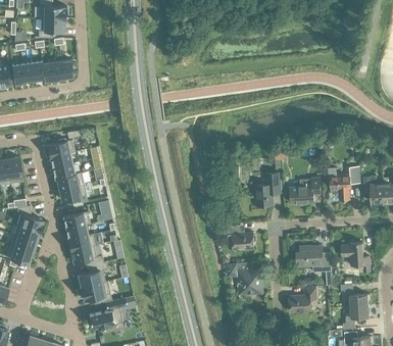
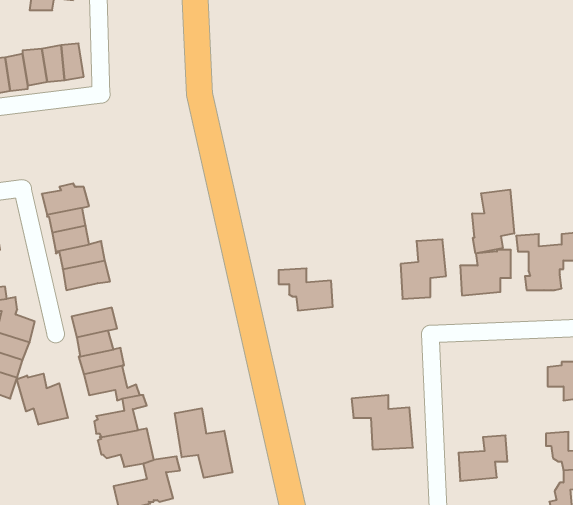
building: none -> [472,190,514,253]
building: [223,226,254,250] -> [279,268,333,310]
building: [297,245,332,273] -> none
building: none -> [17,374,68,425]
building: none -> [175,408,232,478]

